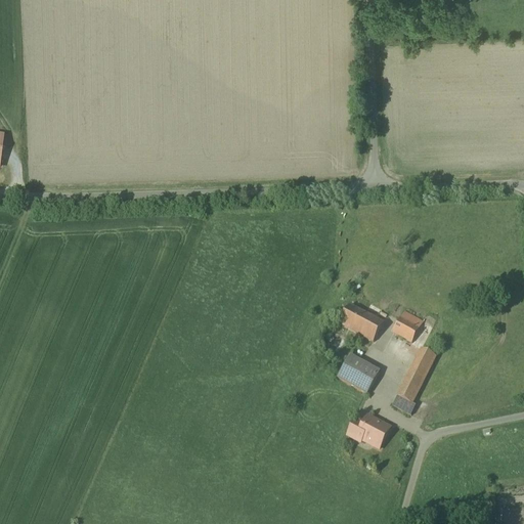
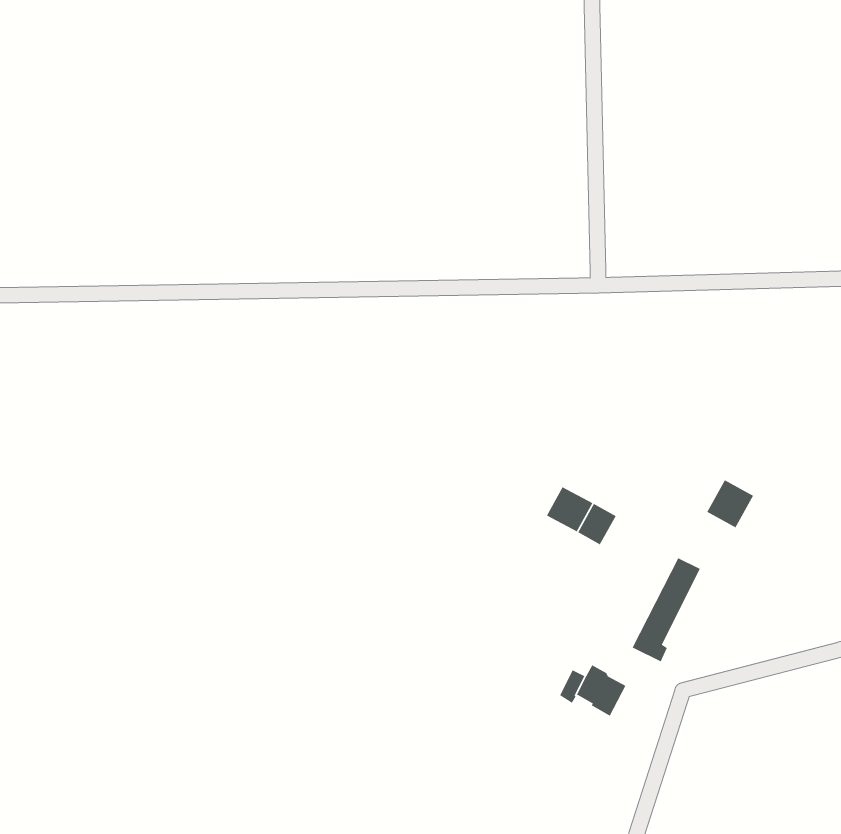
building: [392,308,422,339] -> [706,479,754,529]
building: [337,353,379,391] -> none

